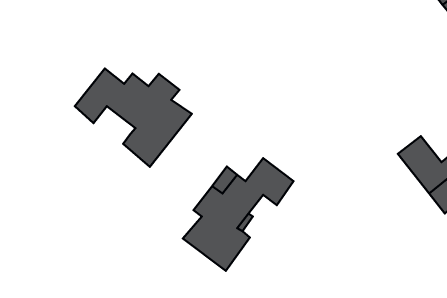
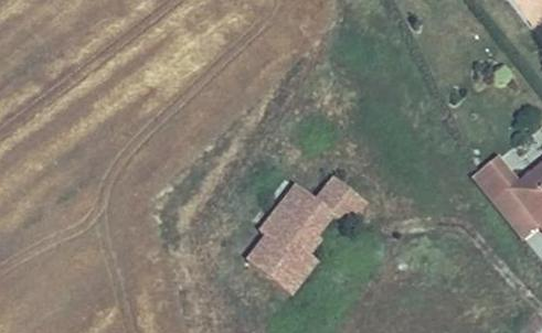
building: [75,69,192,167] -> none

